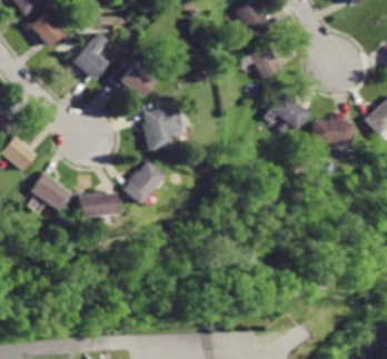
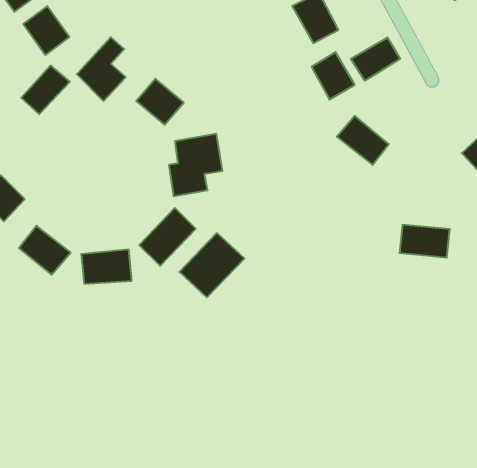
building: none -> [351,37,400,81]
building: none -> [21,66,70,114]
building: [311,119,349,143] -> [399,225,450,257]
building: none -> [179,233,244,297]

